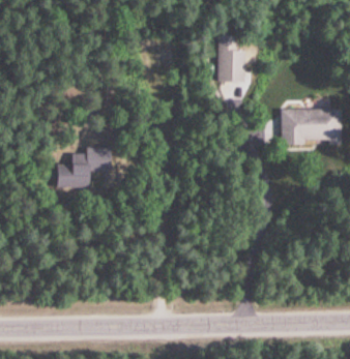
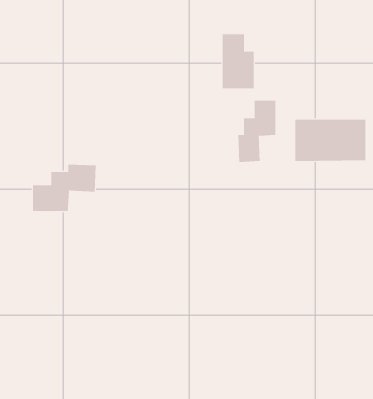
building: none -> [238,100,276,163]

